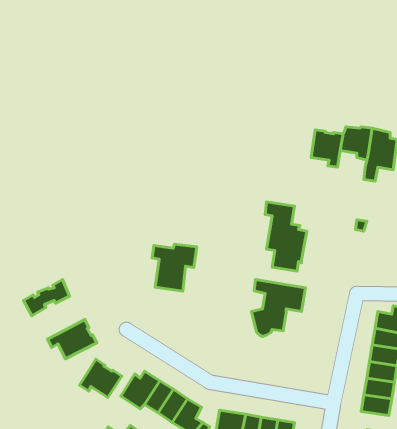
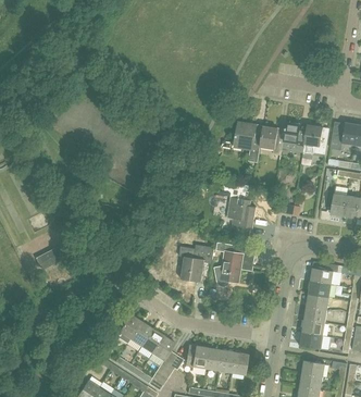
building: none -> [234,122,263,161]
building: [152,244,197,291] -> [178,245,213,282]
building: [48,320,97,359] -> none
building: [80,359,122,397] -> none

